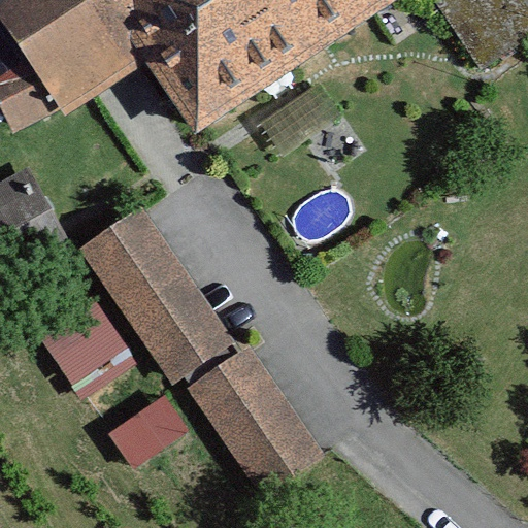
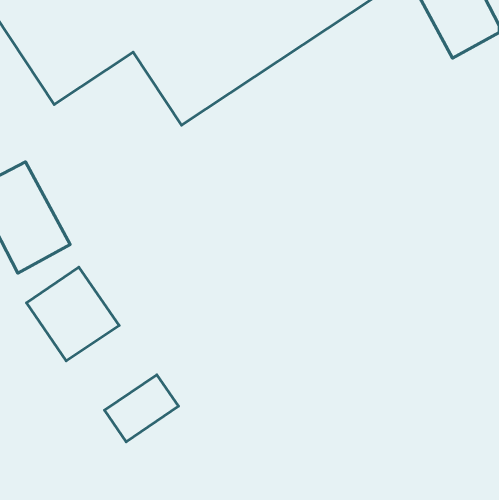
building: [91,217,238,387] -> none
building: [190,353,325,497] -> none

